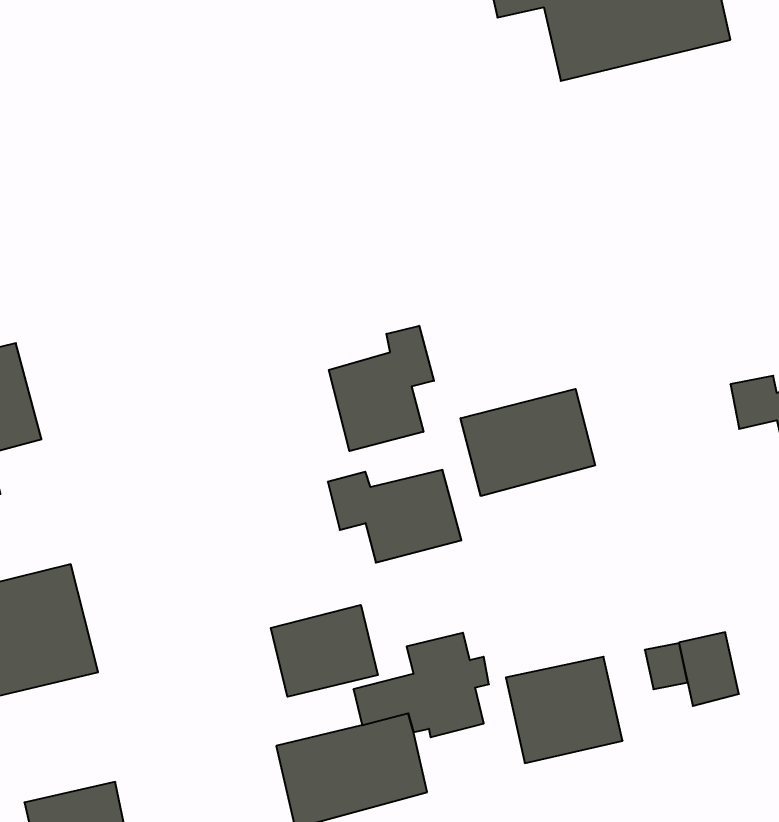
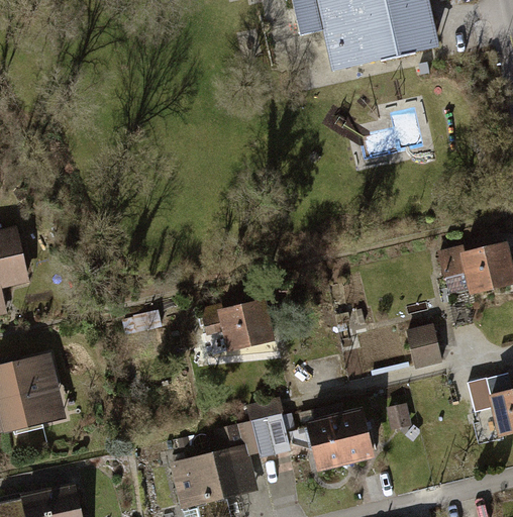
building: [329,326,434,451] -> none
building: [461,389,595,496] -> none
building: [271,605,378,697] -> none
building: [679,632,739,706] -> [406,322,441,366]

